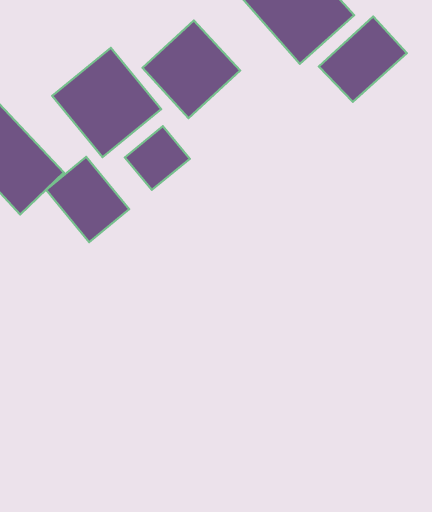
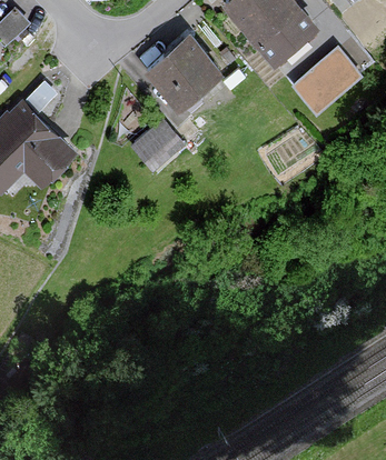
building: [52,48,161,157] -> none
building: [46,157,129,242] -> none

